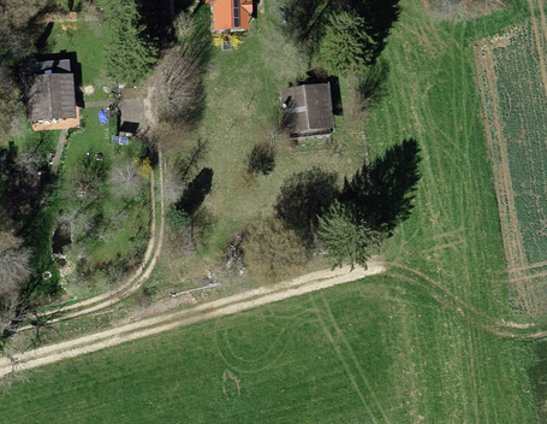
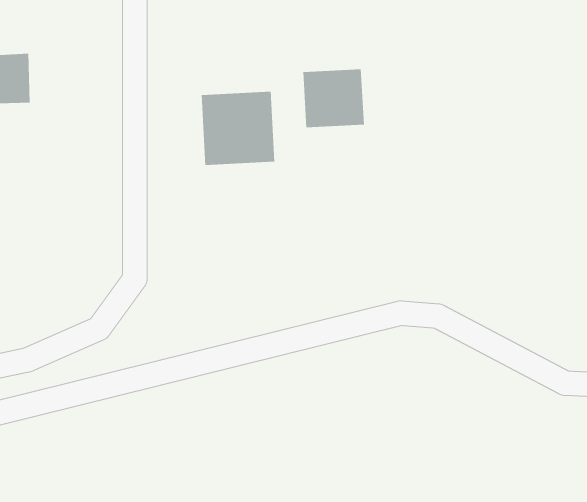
building: none -> [201,91,275,166]

